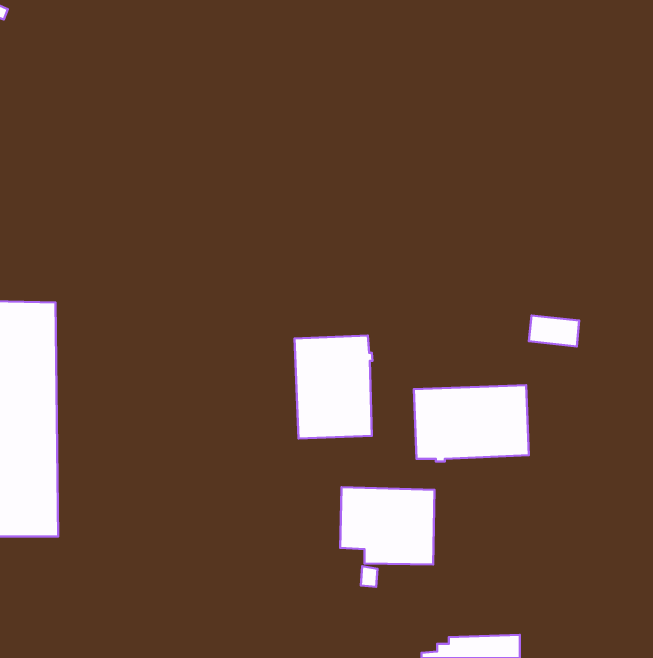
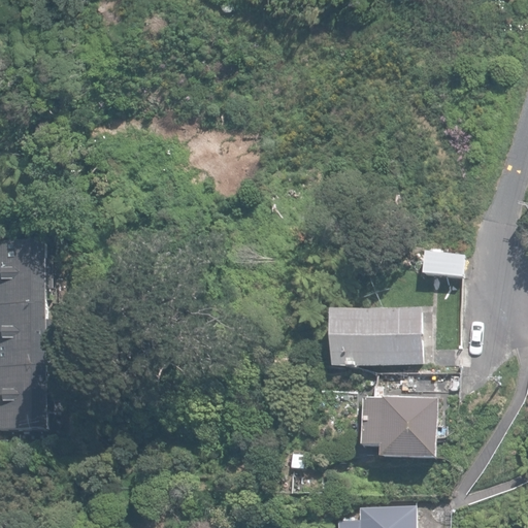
building: [295,336,373,439] -> none
building: [340,487,434,565] -> [360,396,435,458]

